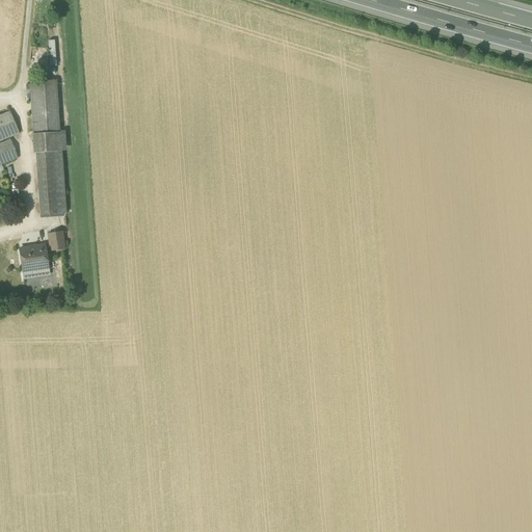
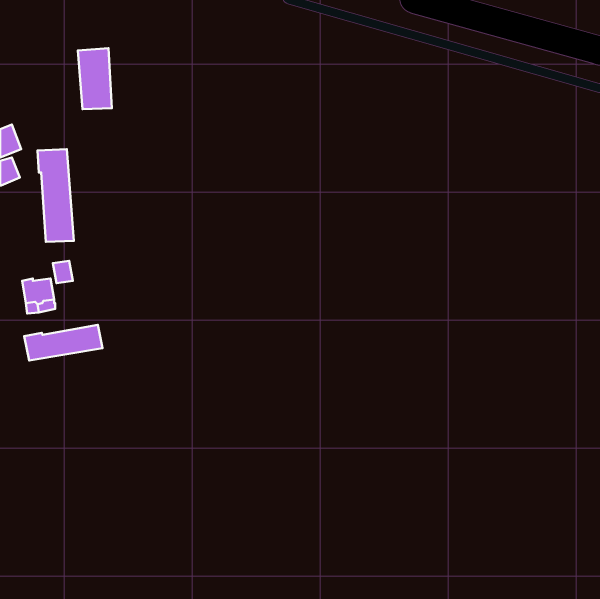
building: [29,79,59,133] -> [78,48,112,109]
building: none -> [24,325,103,360]

